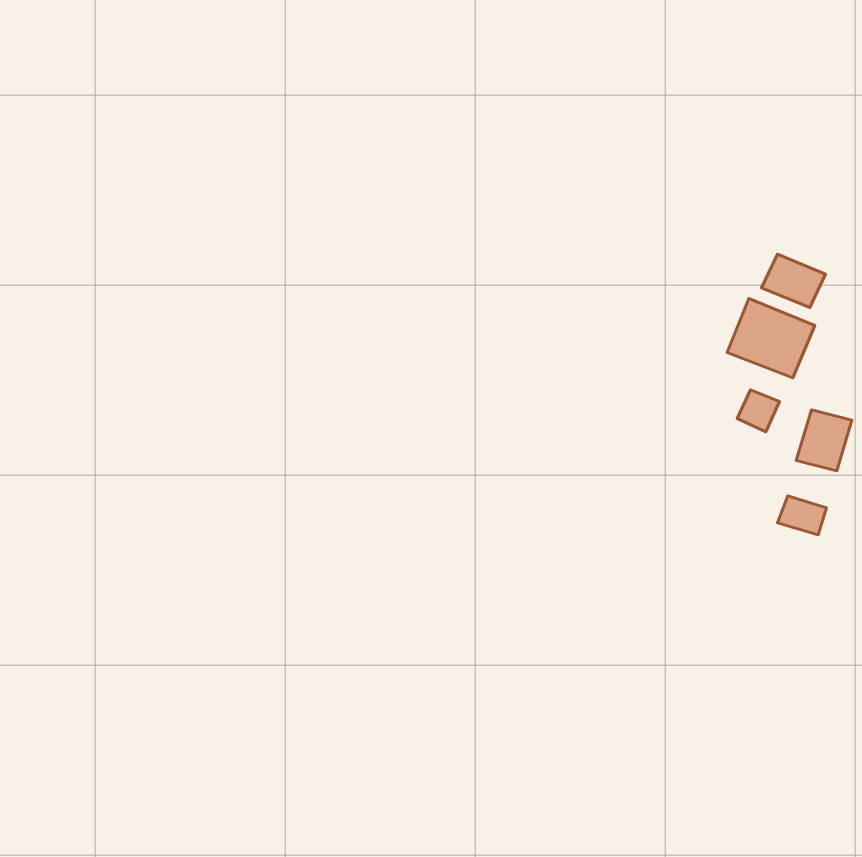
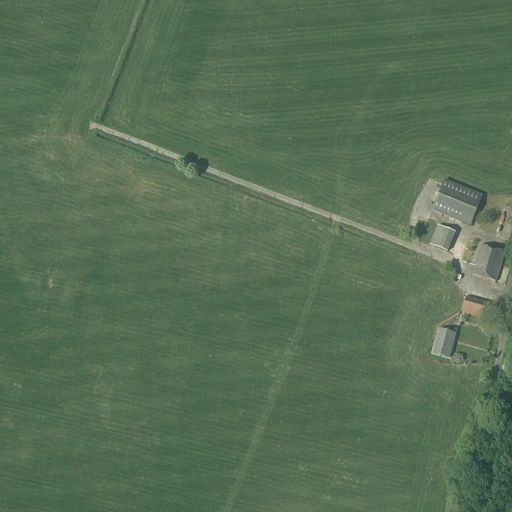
building: [762,254,826,307] -> none
building: none -> [432,325,456,355]

